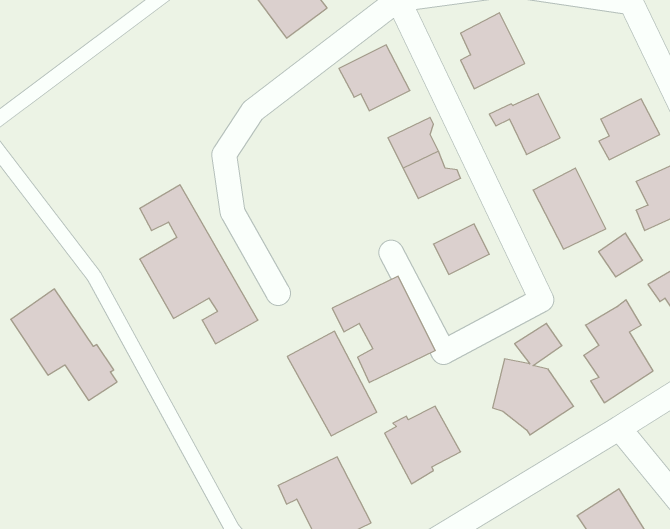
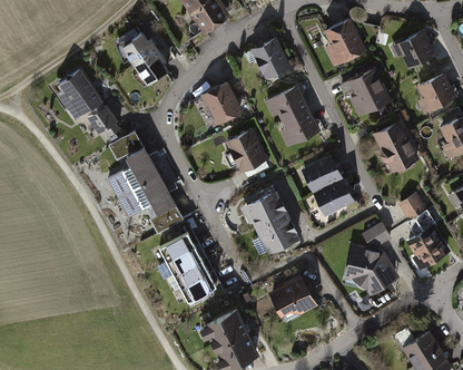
building: none -> [386,29,433,69]
building: none -> [118,31,165,84]
building: none -> [196,80,240,126]
building: none -> [221,128,270,174]
building: [599,233,643,277] -> [395,191,424,220]
building: none -> [316,178,352,212]
building: [11,289,117,400] -> [48,67,118,140]
building: [287,331,377,436] -> [161,233,220,302]

